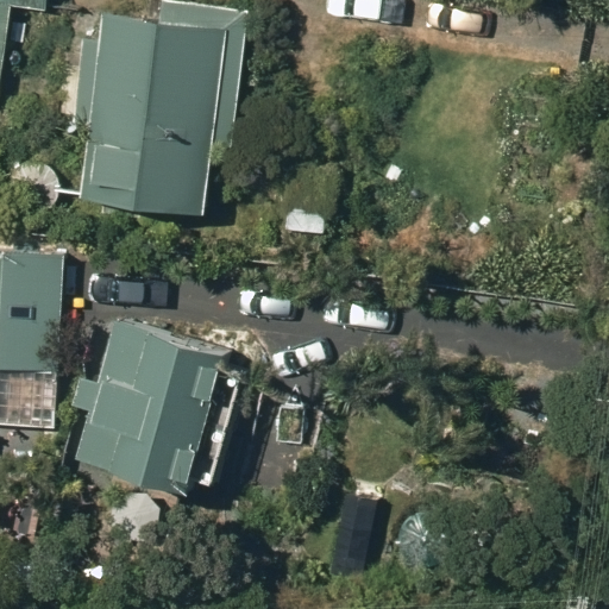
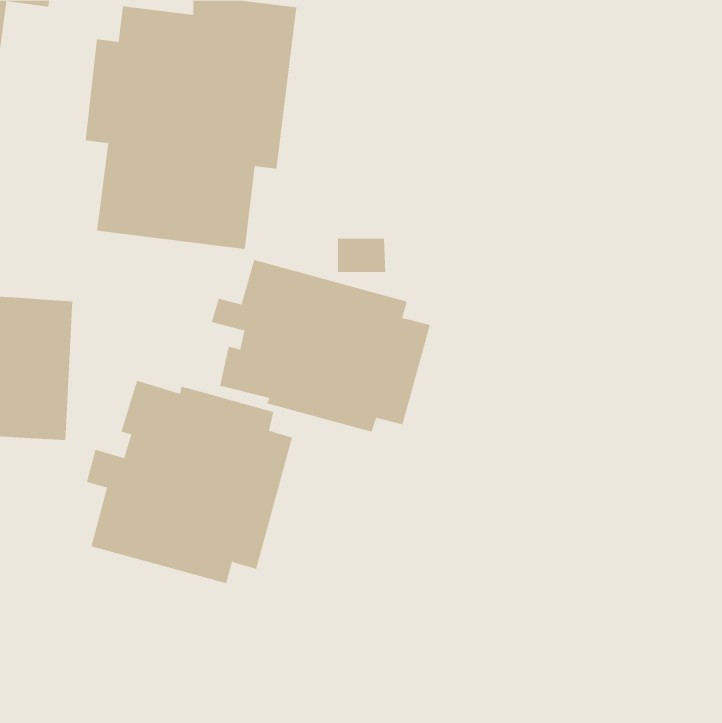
building: none -> [211,259,431,432]

